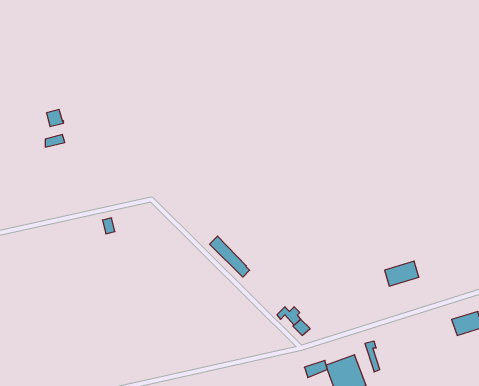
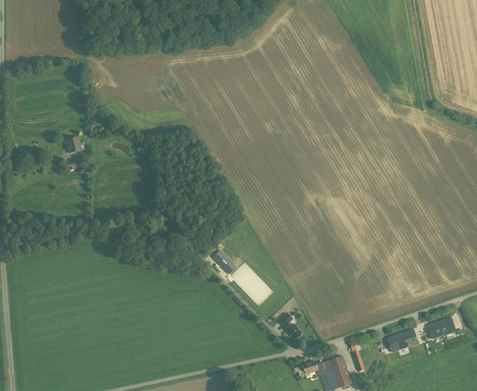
building: [385,261,419,286] -> [386,329,417,351]

